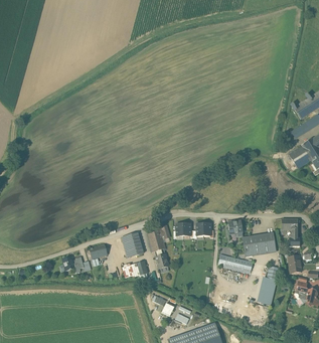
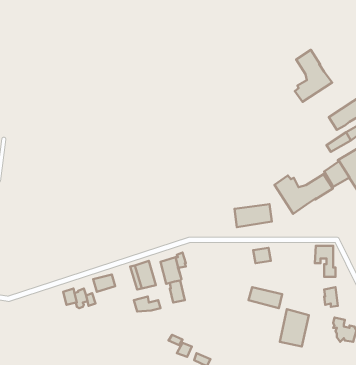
building: none -> [295,50,332,102]
building: none -> [275,174,333,214]
building: [243,233,275,253] -> [235,204,272,227]

